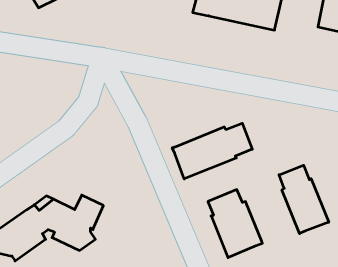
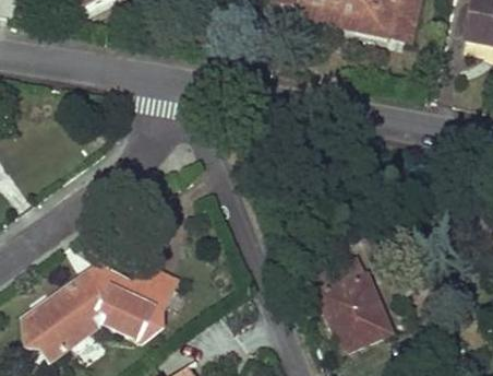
building: [172,123,252,179] -> none
building: [279,165,329,234] -> none

